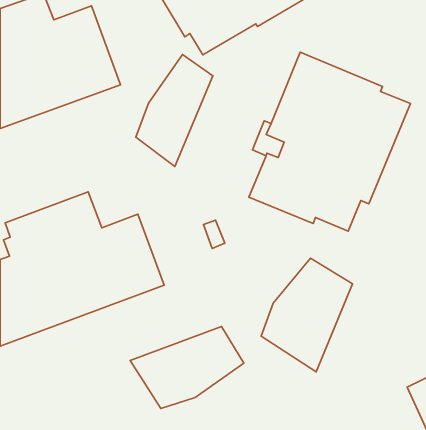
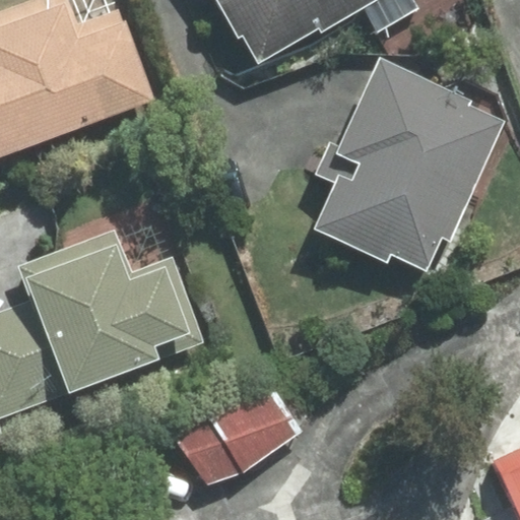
building: [136,55,213,167] -> none
building: [261,258,353,372] -> none

